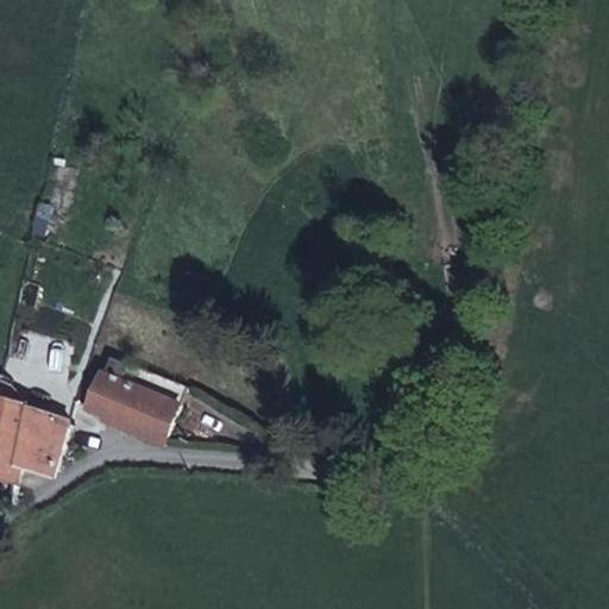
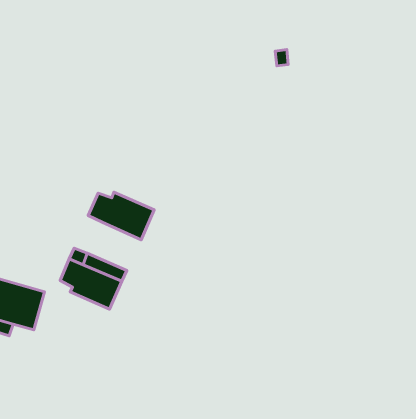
building: none -> [88,192,154,240]

